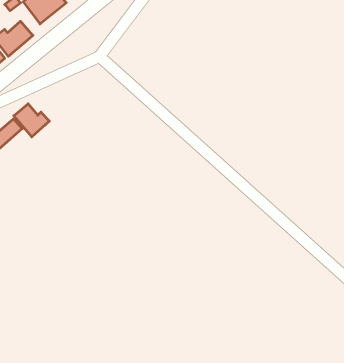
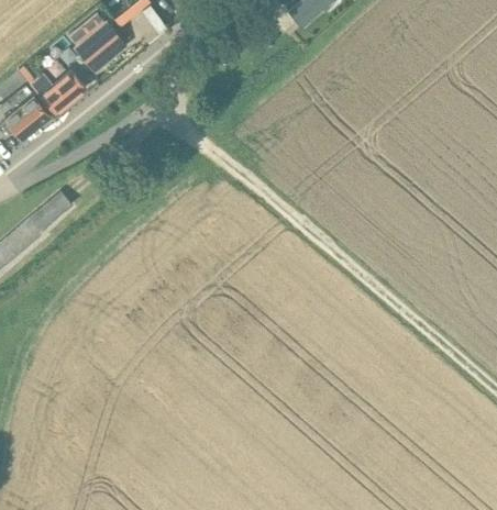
building: [14,104,49,137] -> none

